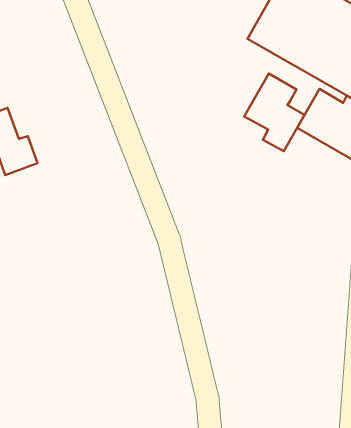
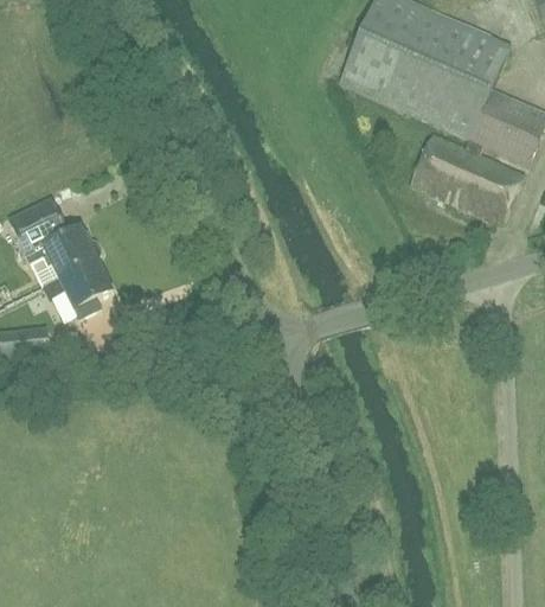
building: [244,74,304,151] -> none
building: none -> [58,260,111,318]

